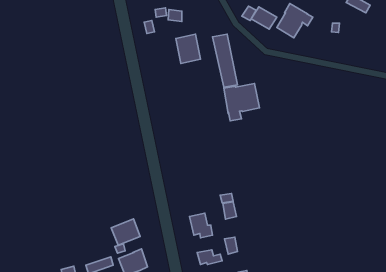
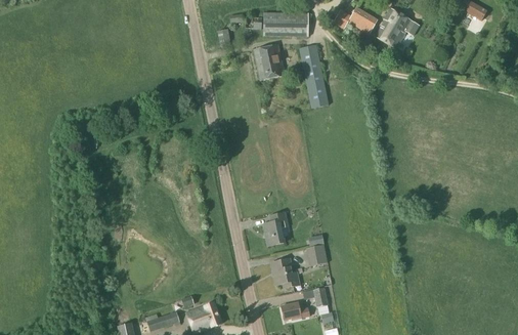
building: none -> [263,14,309,38]
building: [224,84,259,121] -> none
building: none -> [263,213,287,246]
building: [111,219,140,245] -> none

